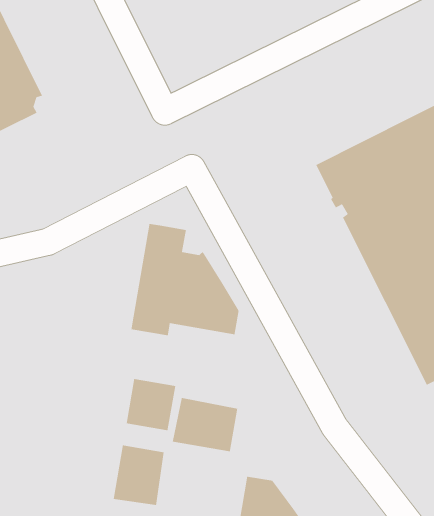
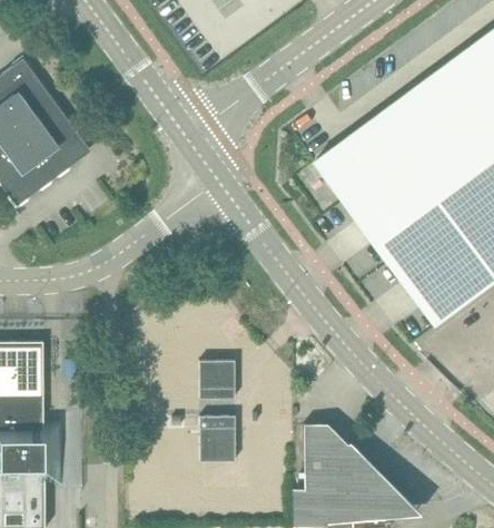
building: [131,223,239,336] -> none
building: [172,397,238,452] -> none

